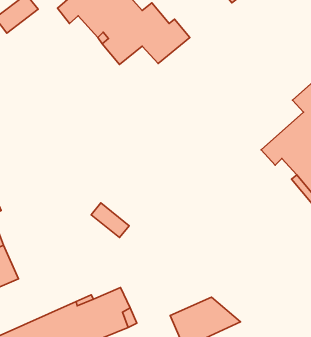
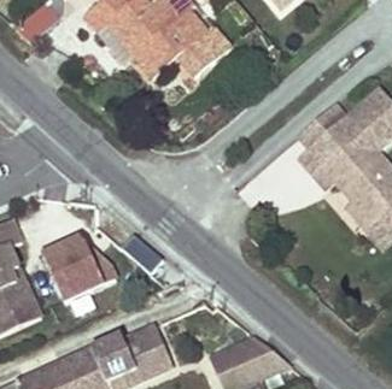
building: none -> [298,105,358,173]
building: none -> [40,230,116,301]

